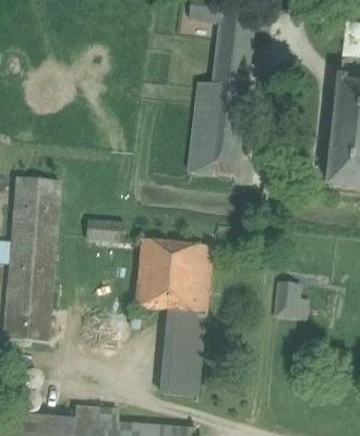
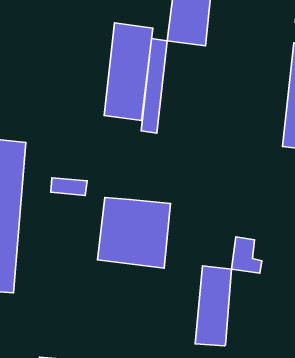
building: [196,74,248,177] -> [104,23,153,121]
building: [165,311,203,396] -> [195,266,232,346]

